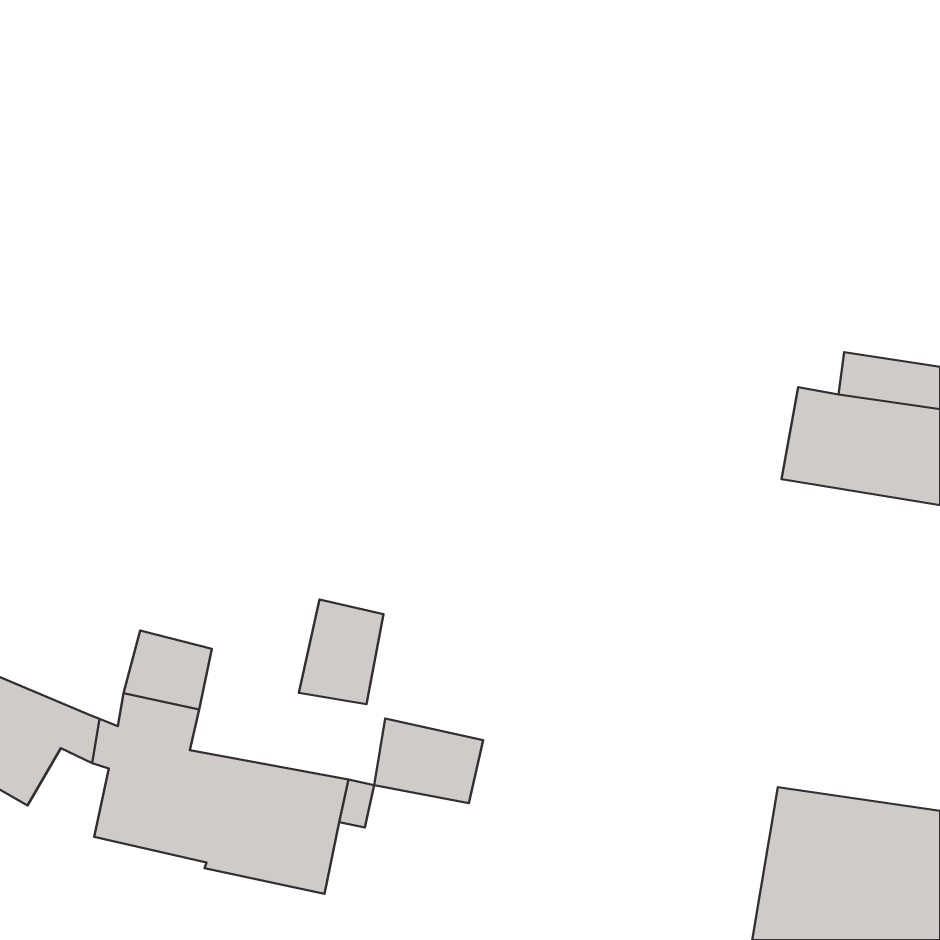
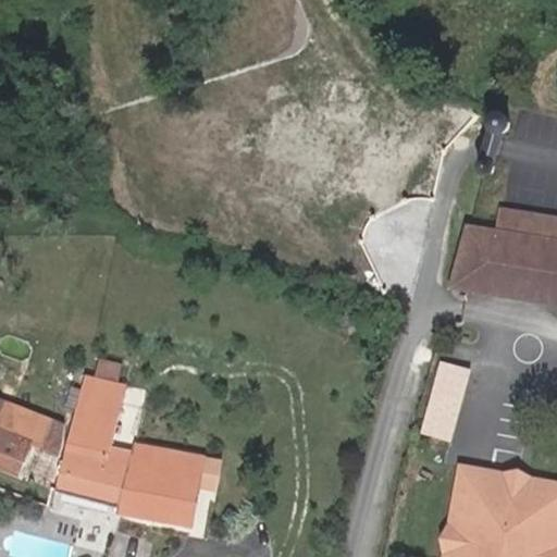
building: [299,600,383,704] -> none
building: none -> [428,383,466,436]
building: [374,719,483,803] -> none

